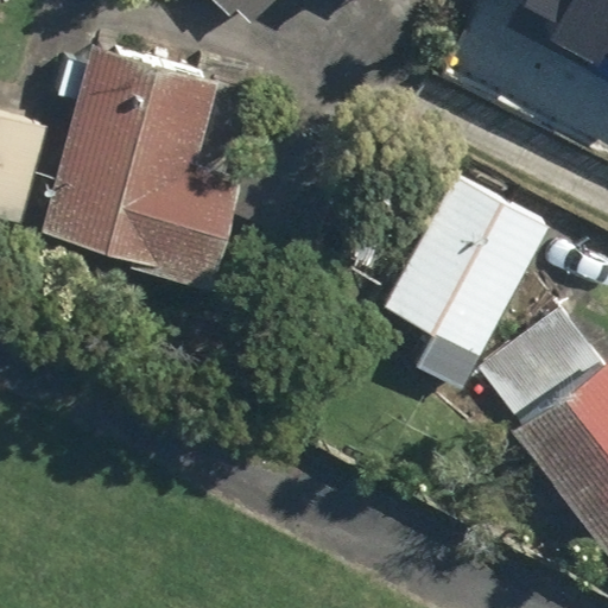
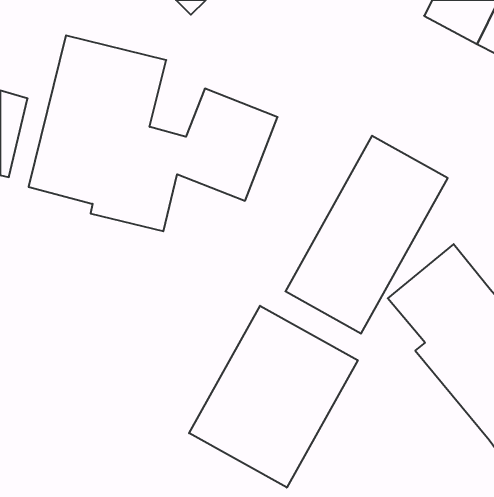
building: none -> [189,306,358,488]

